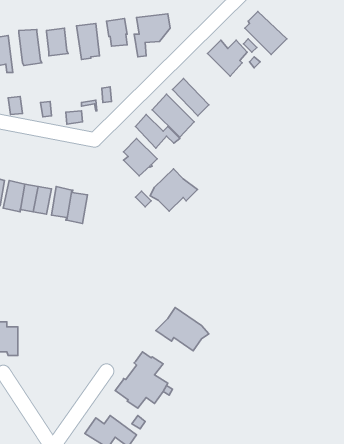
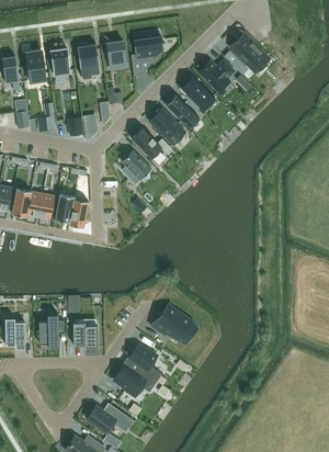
building: none -> [181,78,214,111]
building: [150,169,197,211] -> none
building: none -> [38,315,64,348]
building: none -> [72,323,98,349]

